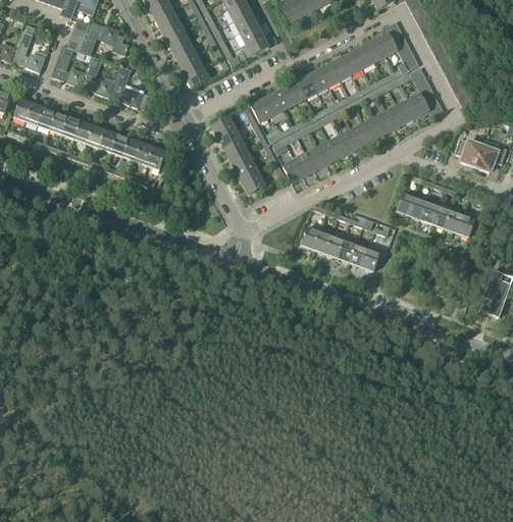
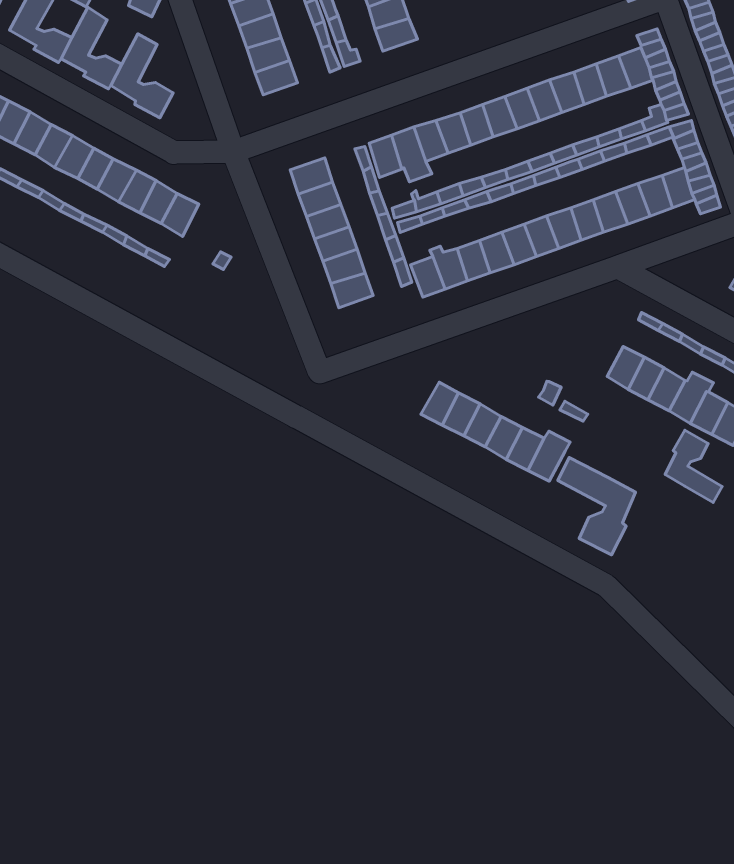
building: none -> [665,430,722,503]
building: none -> [558,458,636,555]

